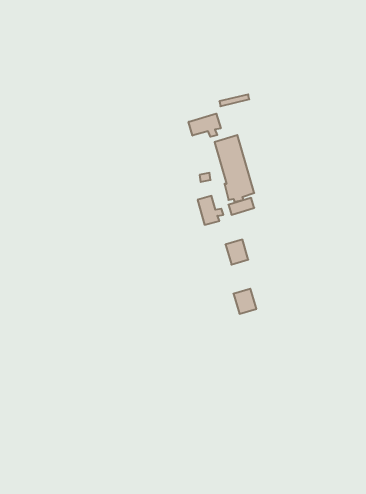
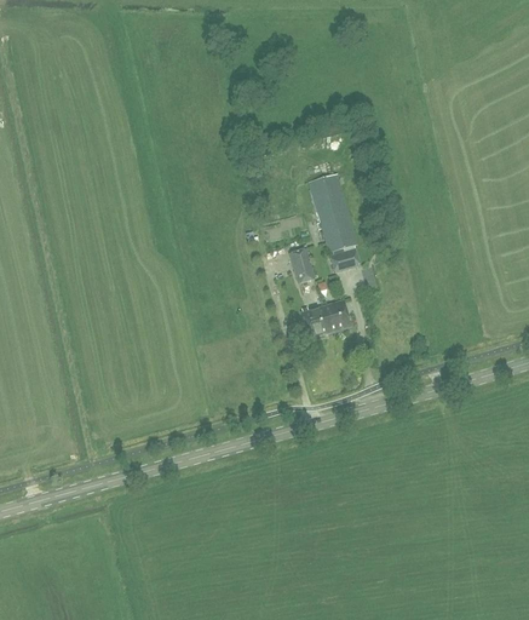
building: [189,114,221,137] -> none
building: [233,289,256,314] -> [303,306,330,337]

